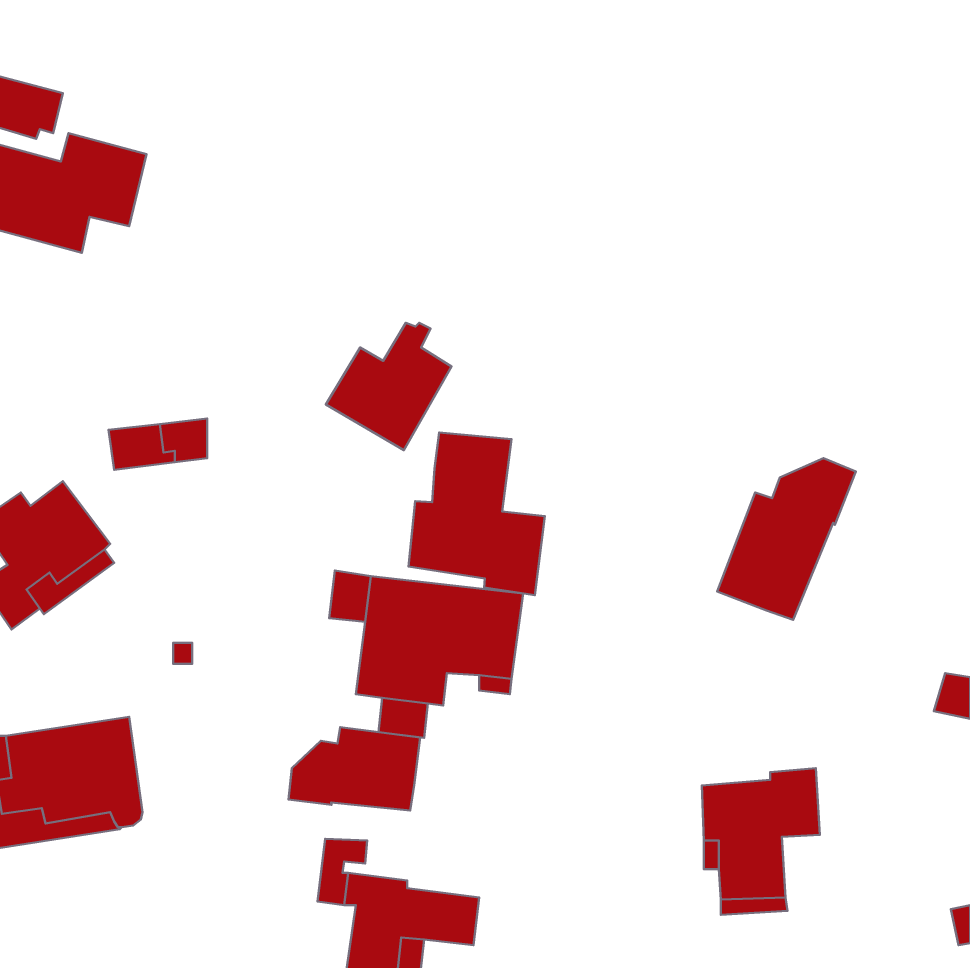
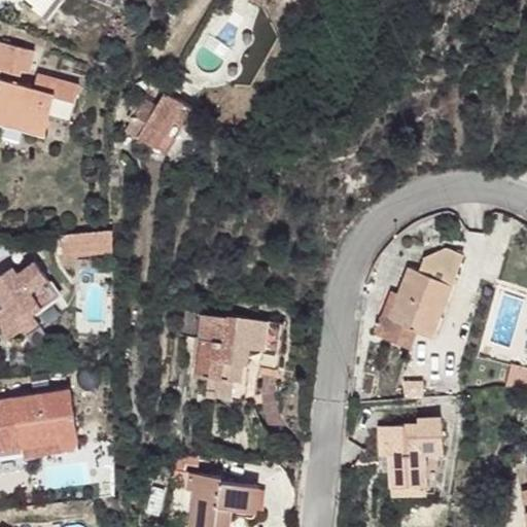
building: [326,323,451,450] -> [125,86,192,155]
building: [408,432,545,595] -> none
building: none -> [374,292,415,350]
building: [288,727,420,811] -> none

